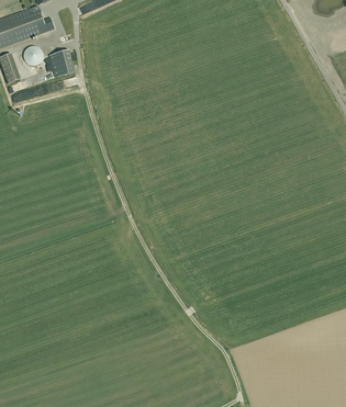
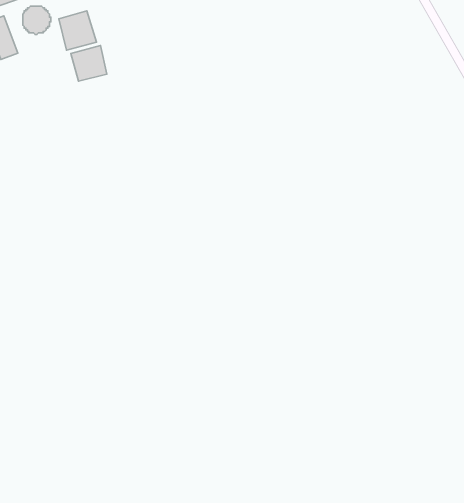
building: none -> [71,46,107,81]

